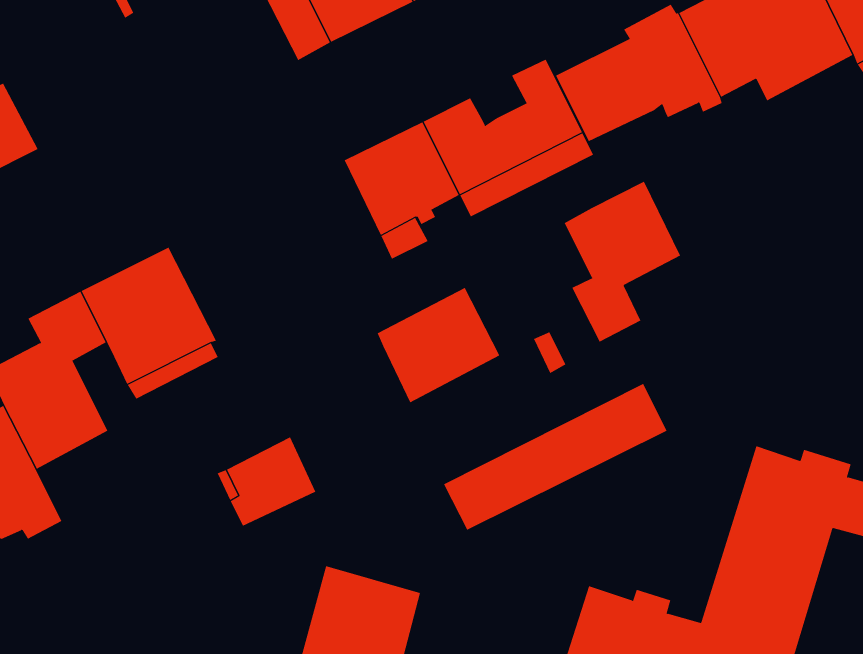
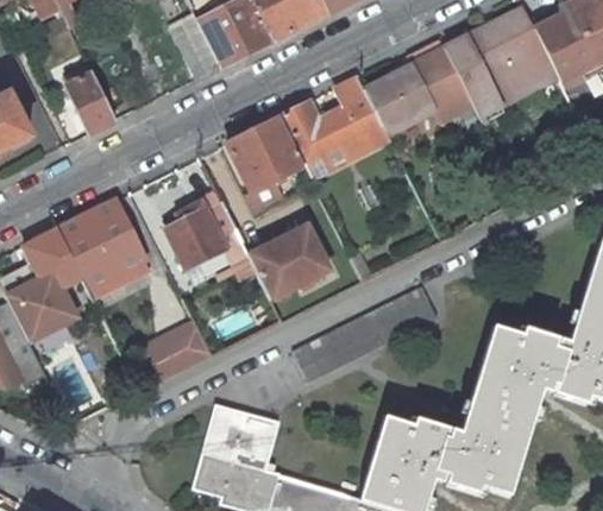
building: none -> [65,72,115,132]
building: [564,181,681,343] -> none
building: none -> [167,193,253,271]

